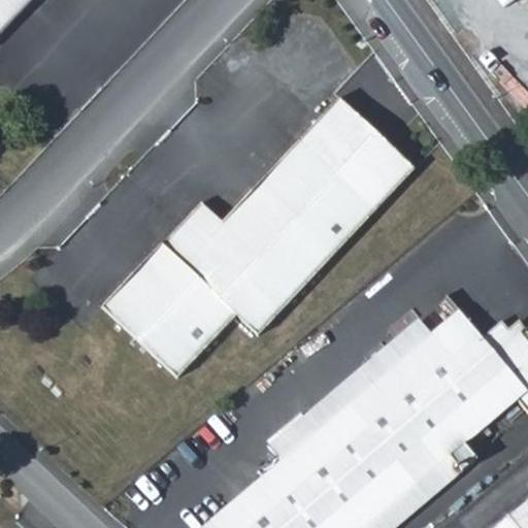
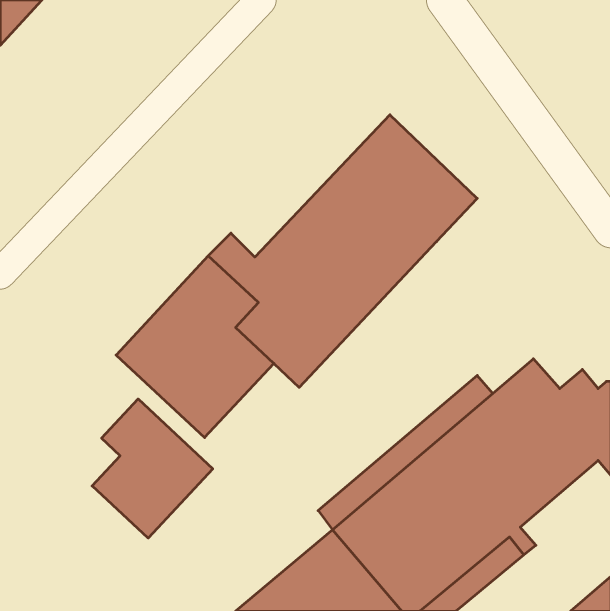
building: none -> [92,399,213,538]

